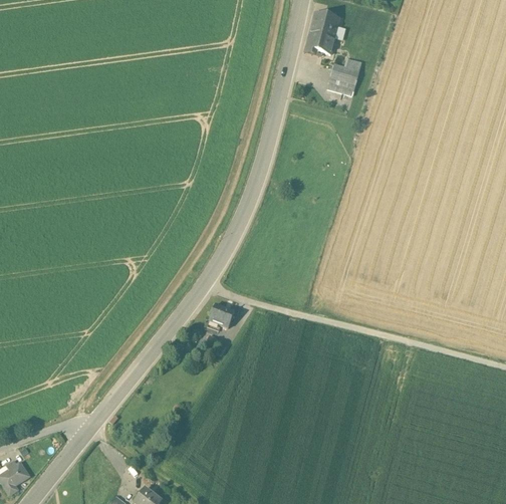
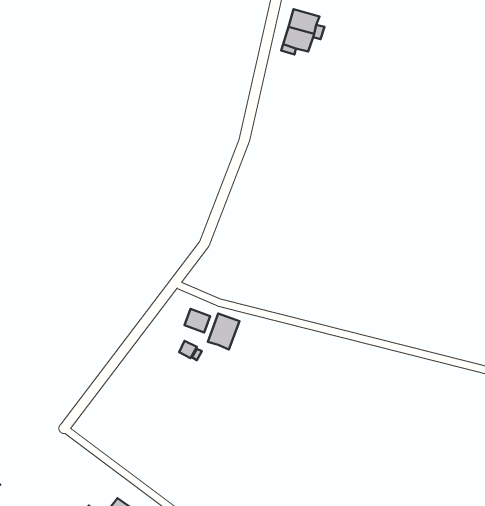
building: [327,56,361,94] -> none
building: none -> [208,314,239,349]

